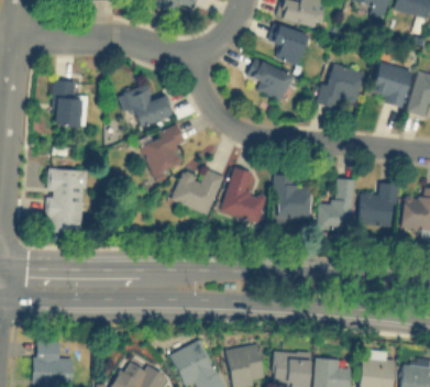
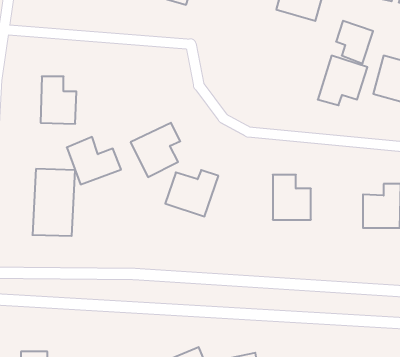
building: [272,24,307,65] -> [336,21,373,63]
building: [246,56,293,101] -> none
building: [122,82,174,128] -> [67,137,121,184]
building: [221,166,265,221] -> none
building: [318,178,353,228] -> none

